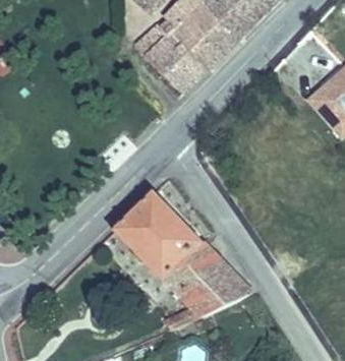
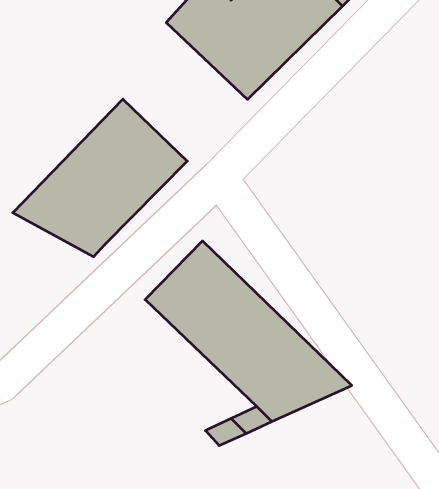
building: none -> [13,99,187,257]

